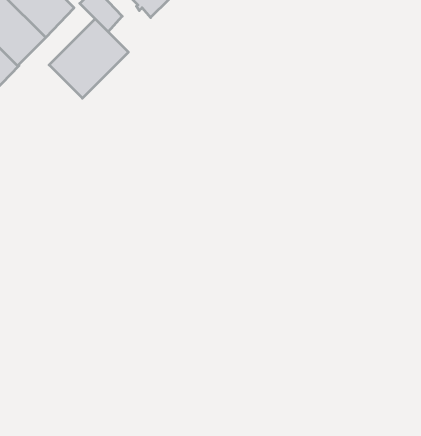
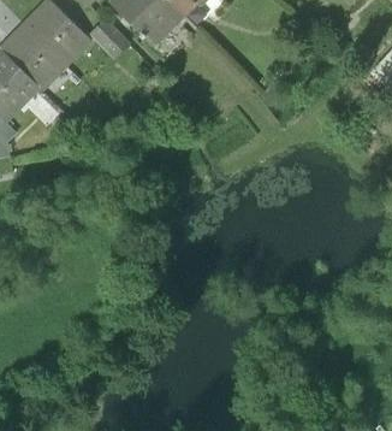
building: [49,19,128,98] -> none

